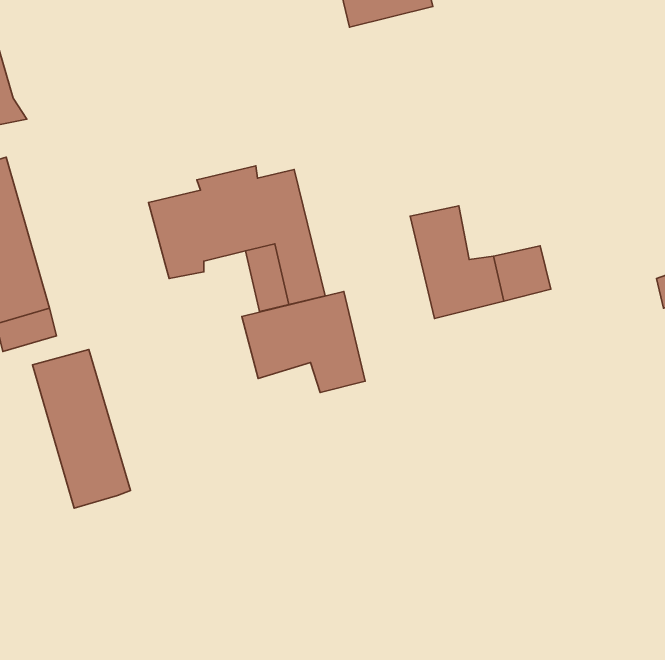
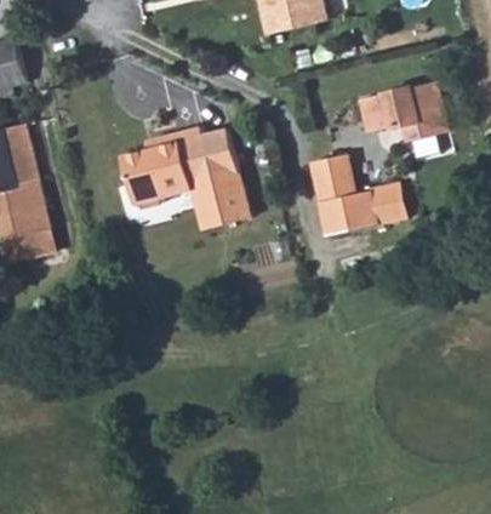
building: none -> [354,81,440,136]
building: [242,291,365,393] -> none
building: [33,349,131,508] -> none

